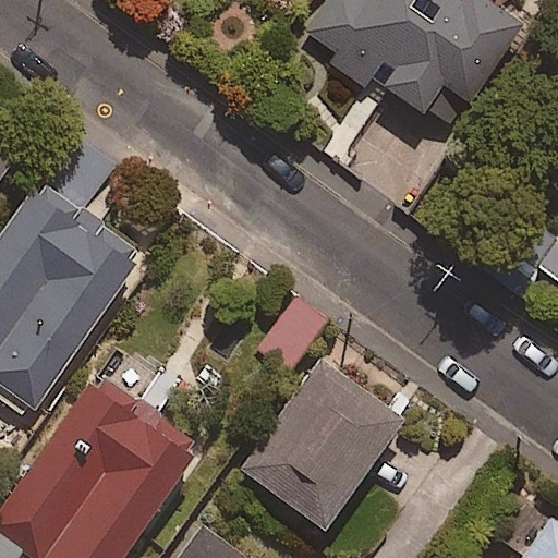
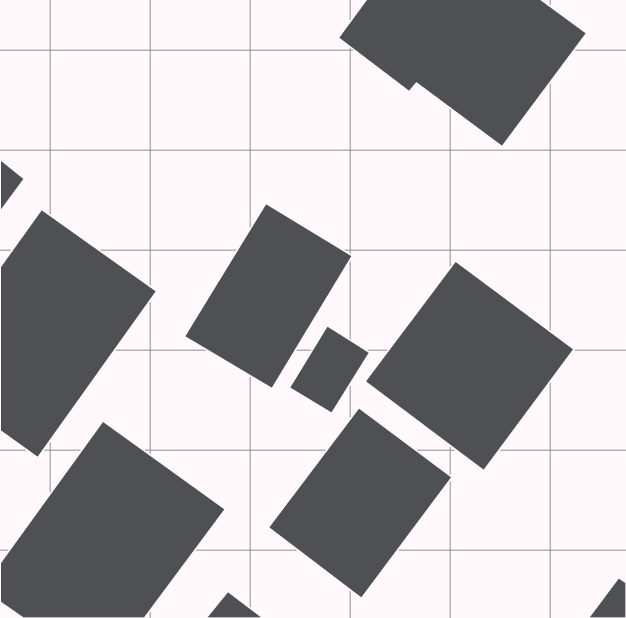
building: none -> [184,203,353,389]
building: none -> [365,261,574,471]

